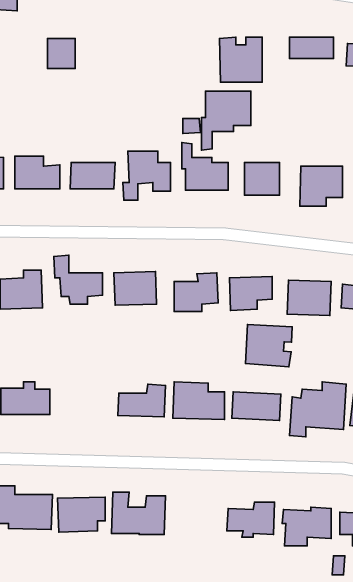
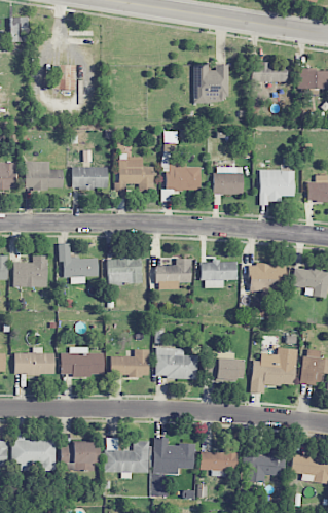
building: [202,91,251,150] -> none
building: [245,325,292,367] -> none
building: none -> [60,347,104,375]
building: none -> [152,438,194,495]

